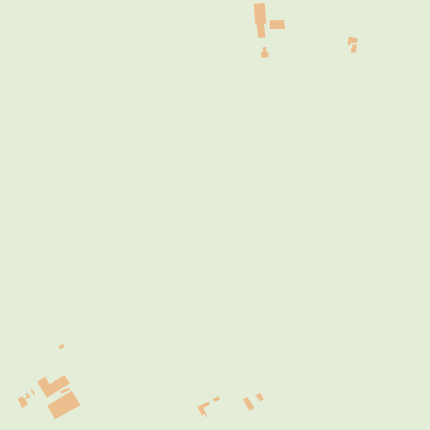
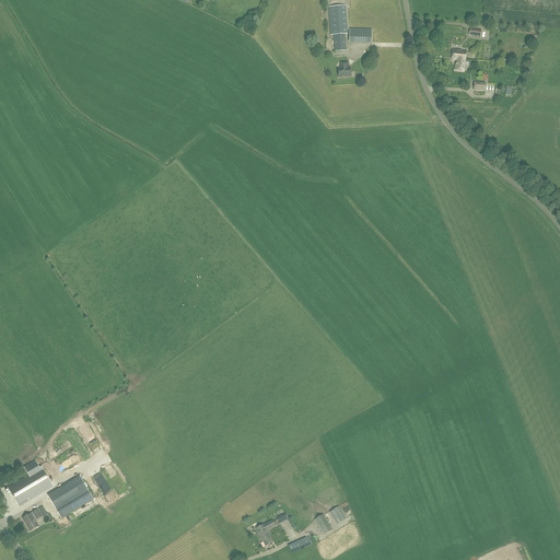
building: [46,390,82,420] -> [7,465,52,504]

